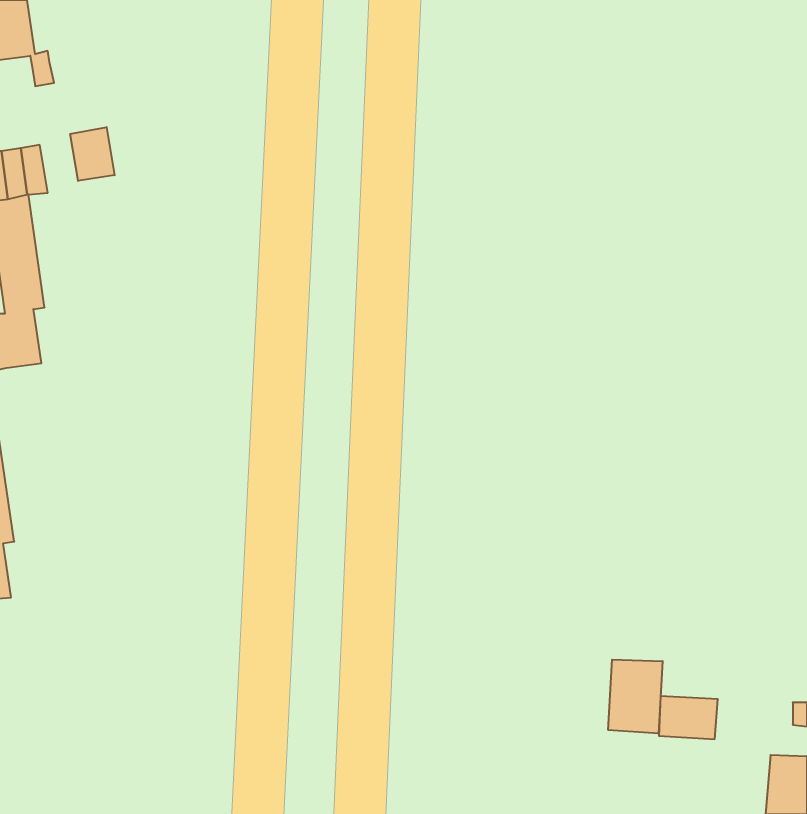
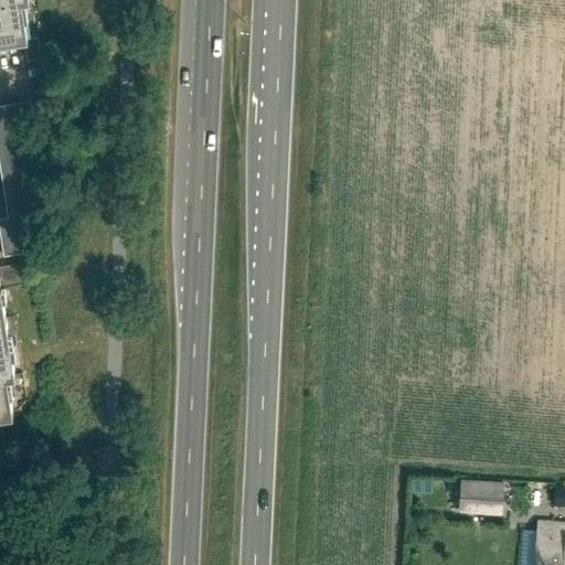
building: [70,127,115,181] -> none
building: [608,660,663,734] -> none

